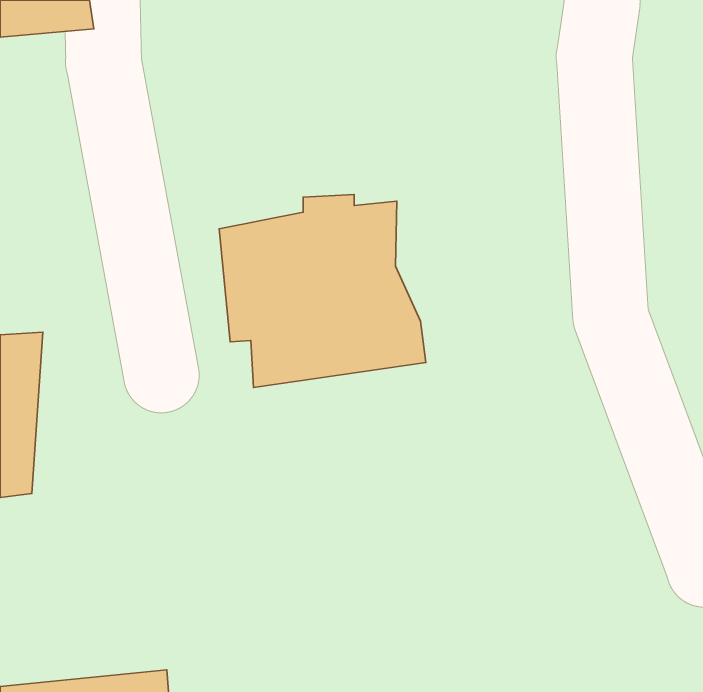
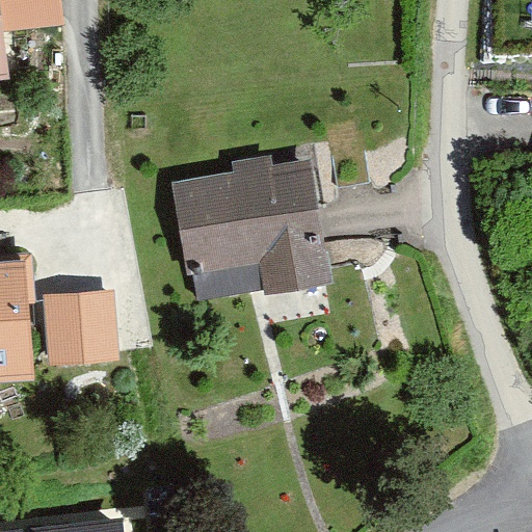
building: none -> [45,292,124,366]

